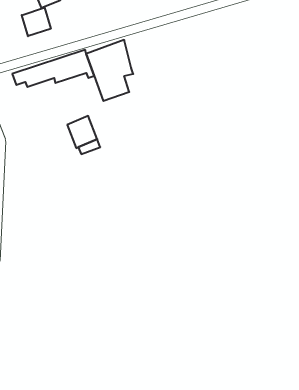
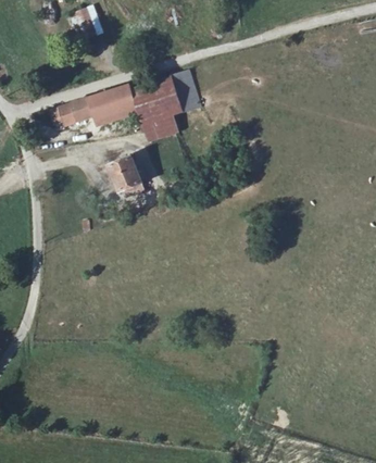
building: [22,8,51,36] -> none
building: none -> [171,70,198,111]

